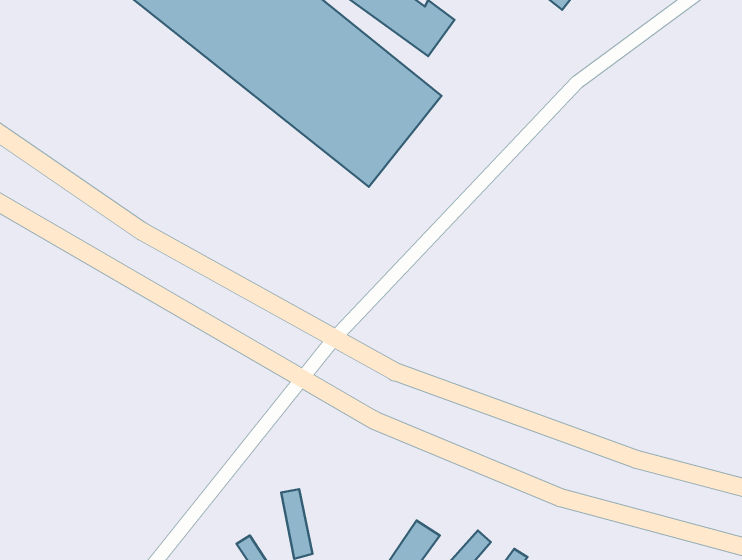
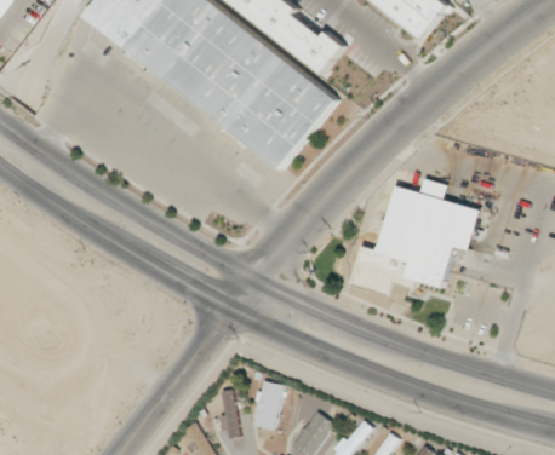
building: none -> [351,182,479,296]
building: none -> [251,382,281,432]

